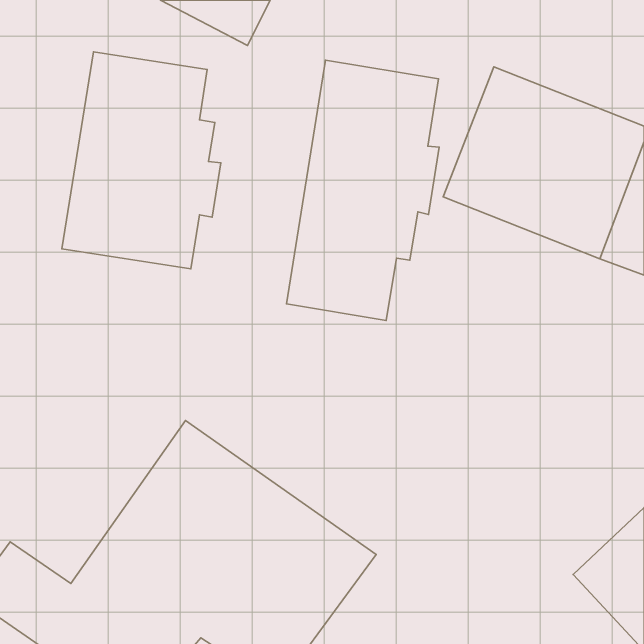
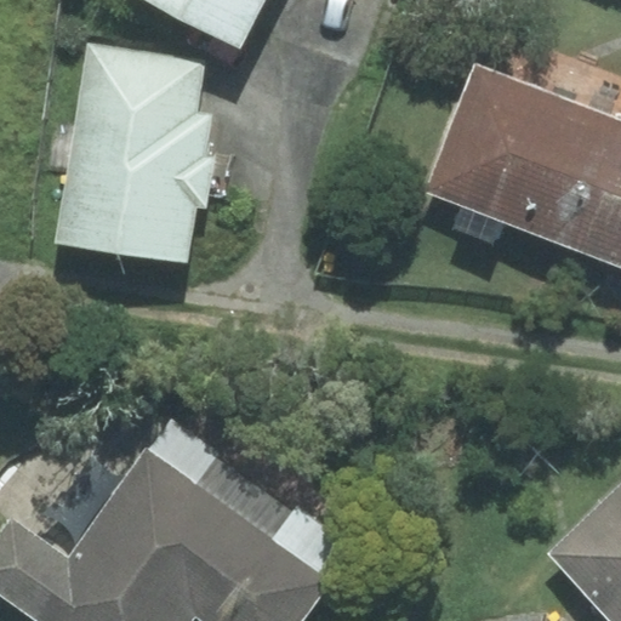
building: [286,60,439,321] -> none

